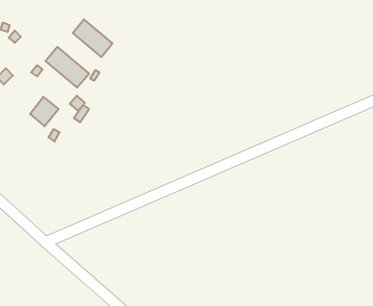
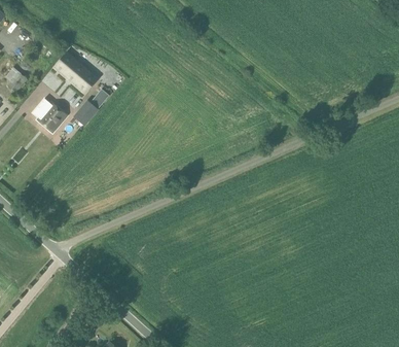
building: [73,19,112,57] -> none

